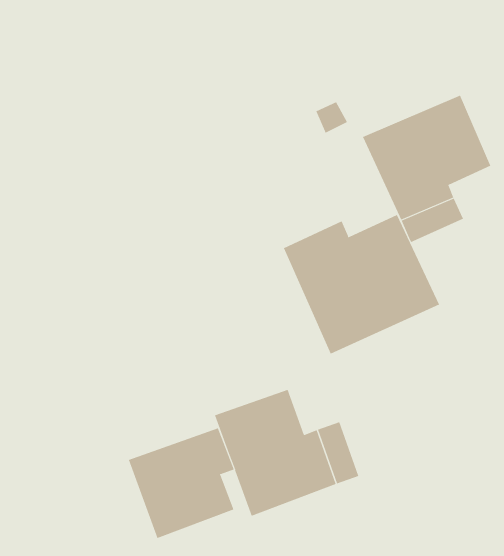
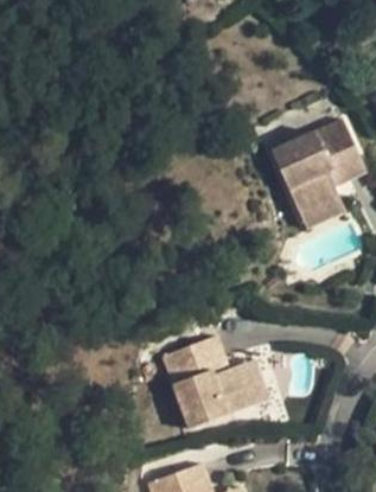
building: [283,214,440,354] -> none
building: [128,427,234,539] -> none

